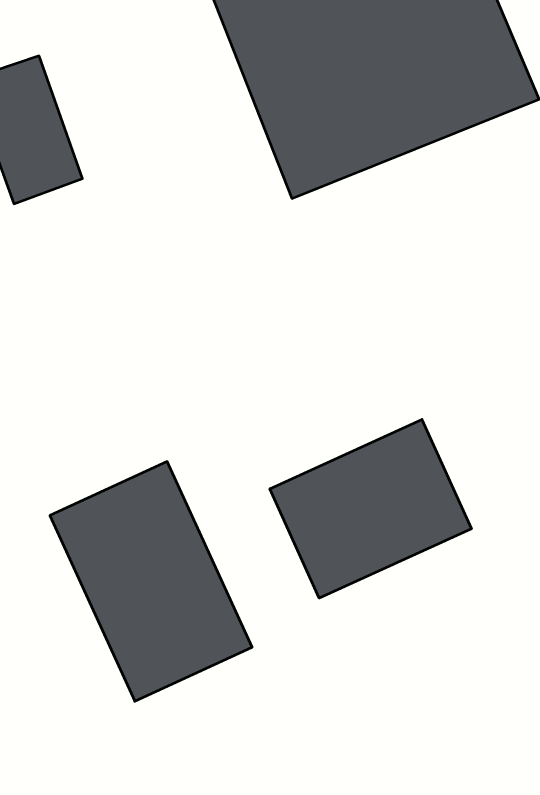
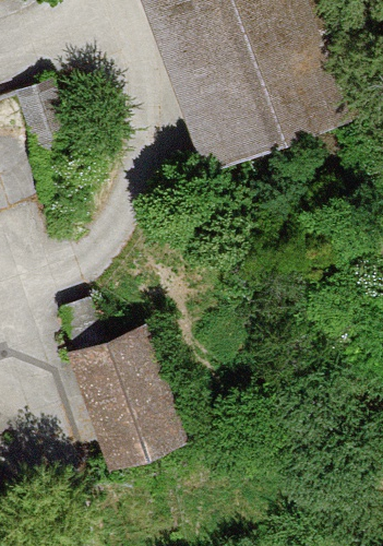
building: [270,419,471,598] -> none

